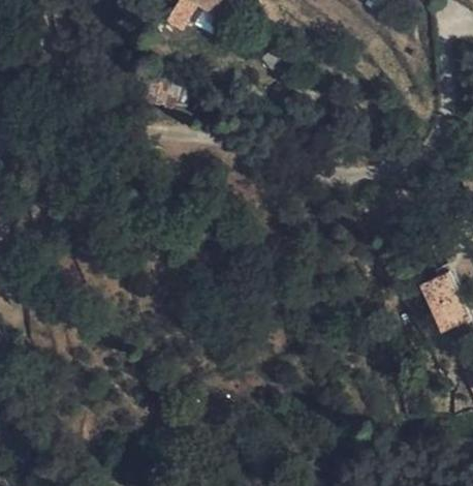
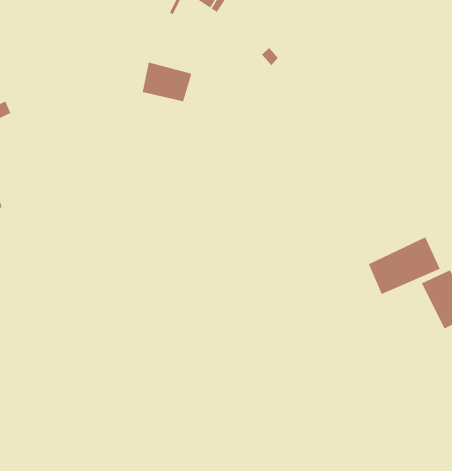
building: none -> [368,237,441,295]

